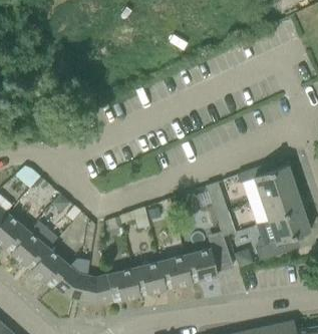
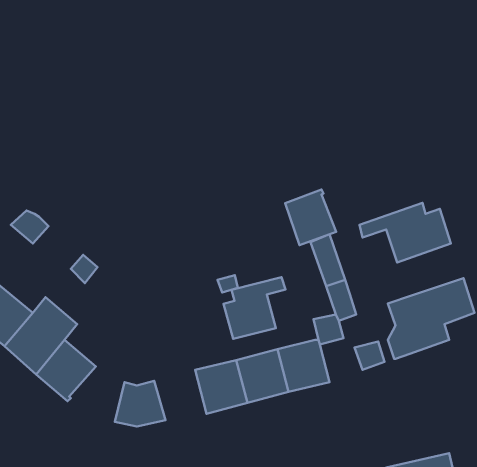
building: none -> [285,190,336,245]
building: [261,188,303,221] -> none
building: none -> [223,277,285,339]
building: [52,266,87,301] -> none
building: [106,268,139,302] -> none

